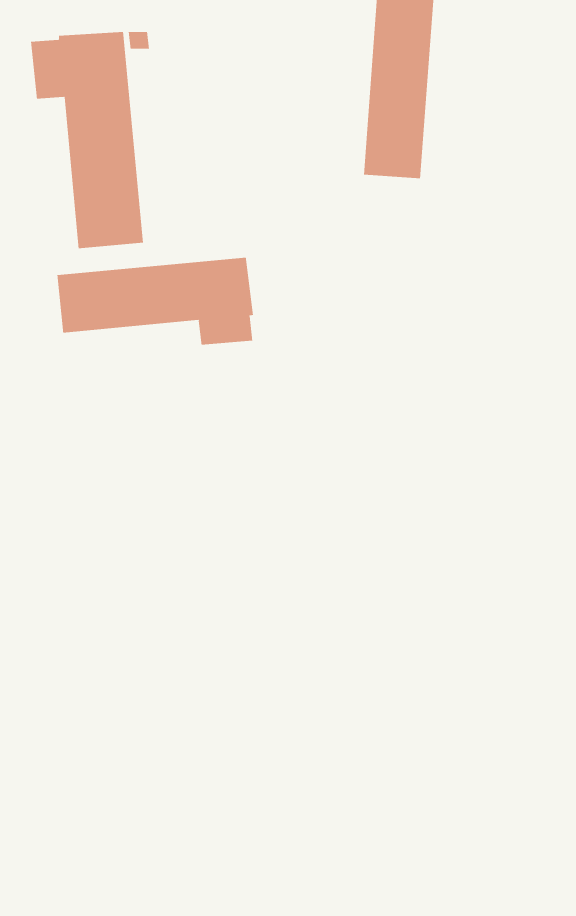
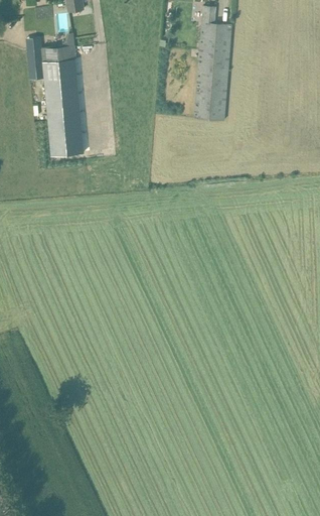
building: [57,257,254,346] -> none

